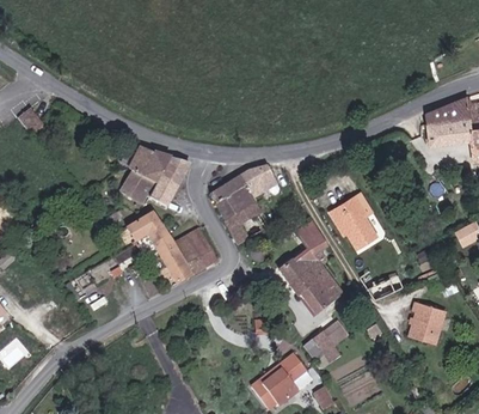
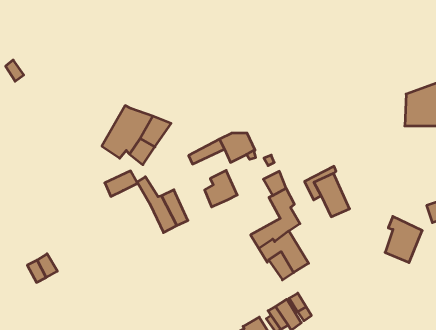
building: [214,184,256,227] -> none
building: [146,226,190,282] -> none
building: [410,302,446,347] -> [385,216,422,263]

